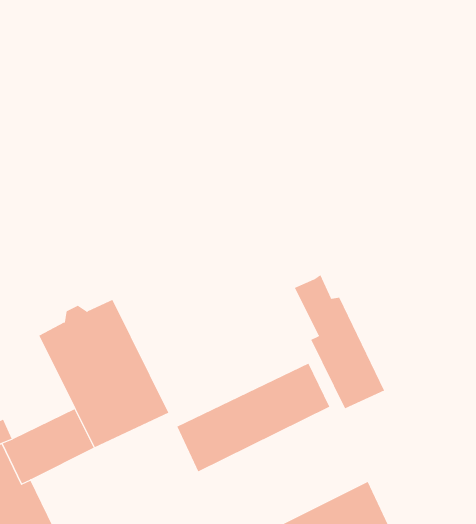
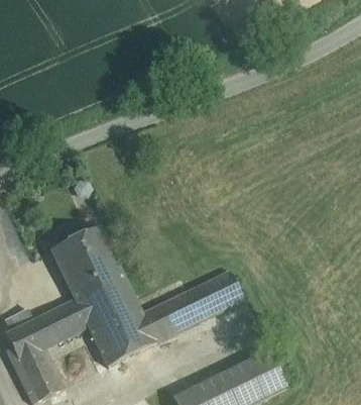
building: [294,274,385,409] -> none
building: none -> [87,303,155,366]

